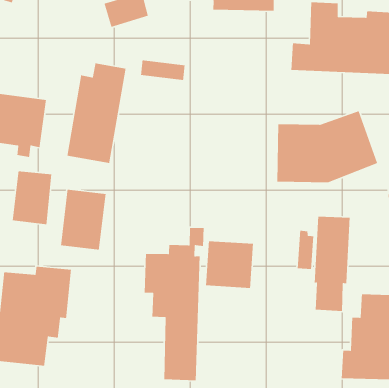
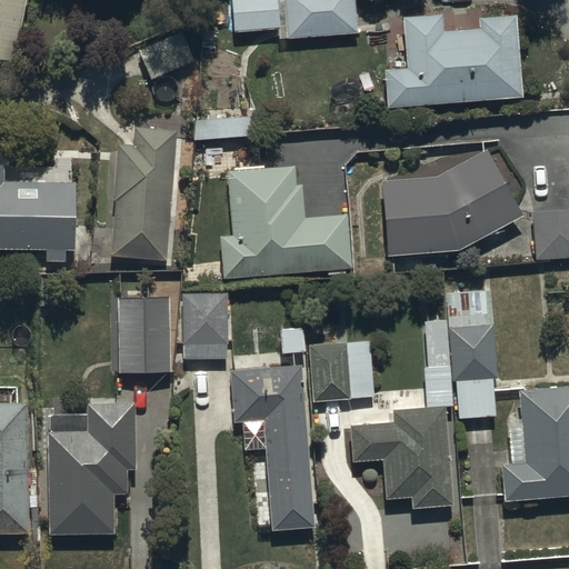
building: none -> [222,163,351,278]
building: [12,171,52,225] -> [182,291,229,359]
building: none -> [348,407,452,507]

